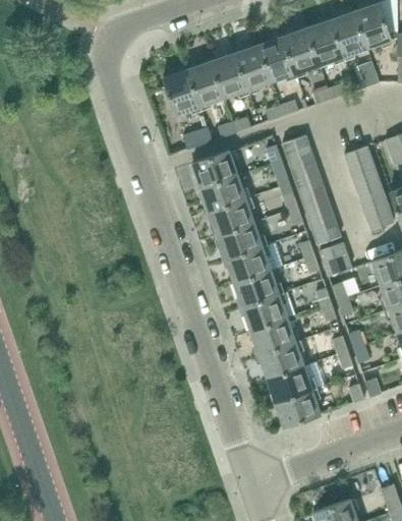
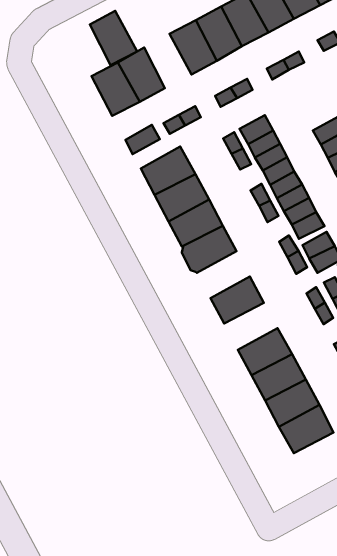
building: [212,52,248,98] -> [90,11,137,65]
building: [226,246,271,283] -> none
building: [242,294,287,331] -> none

